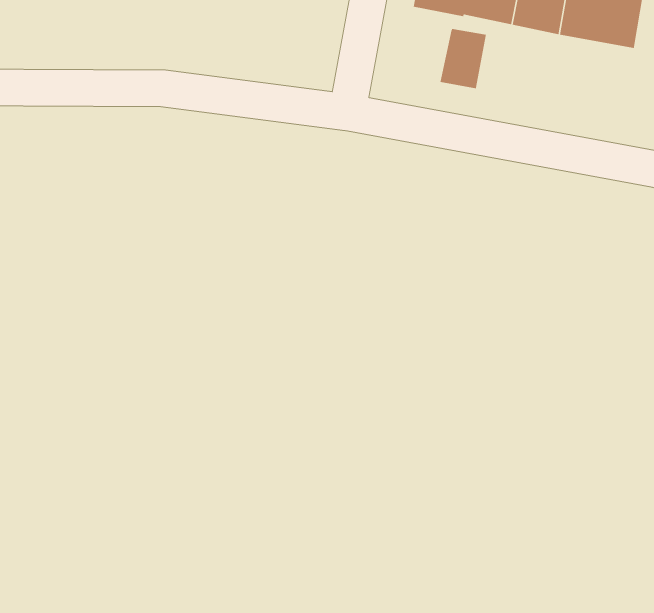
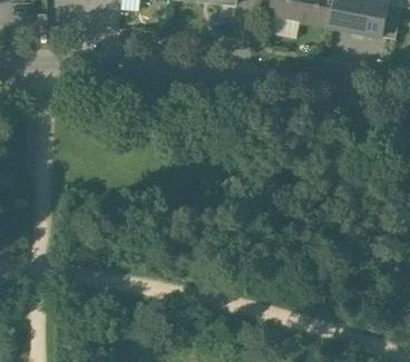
building: [440,28,487,89] -> none

